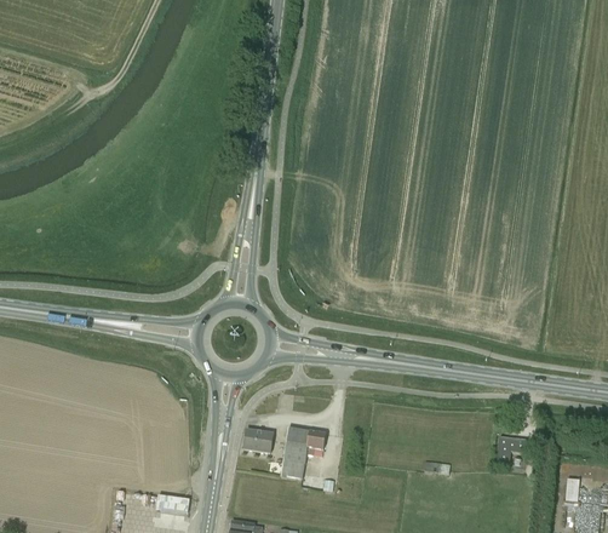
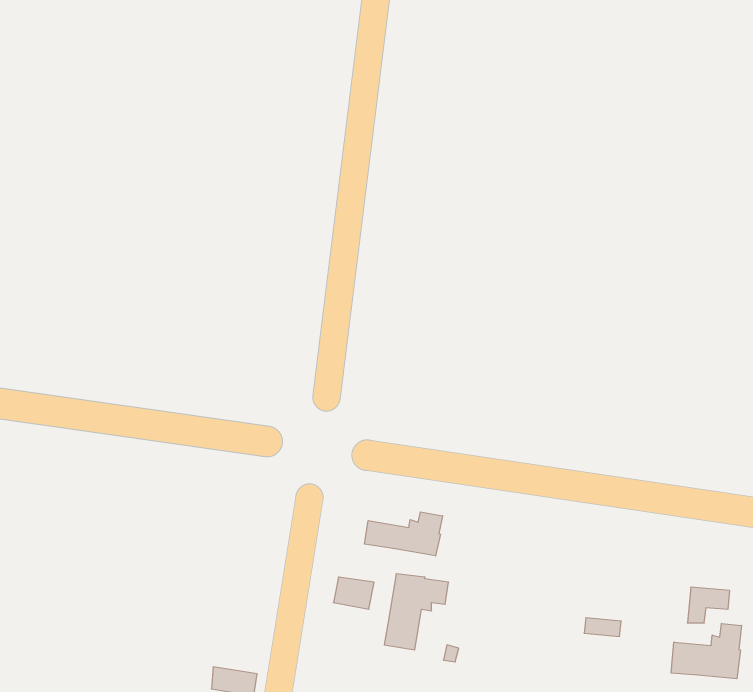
building: none -> [364,512,443,556]
building: none -> [671,623,742,679]

